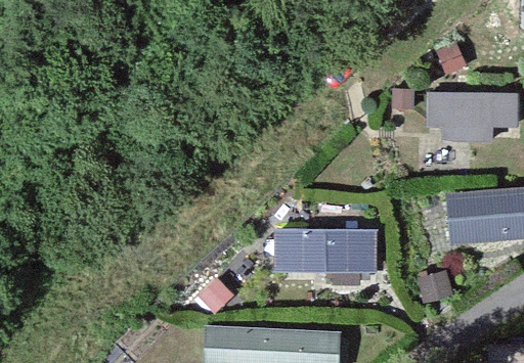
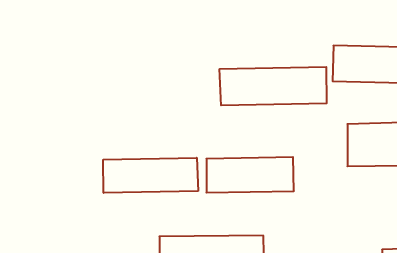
building: none -> [220,67,327,105]
building: none -> [103,158,198,193]

